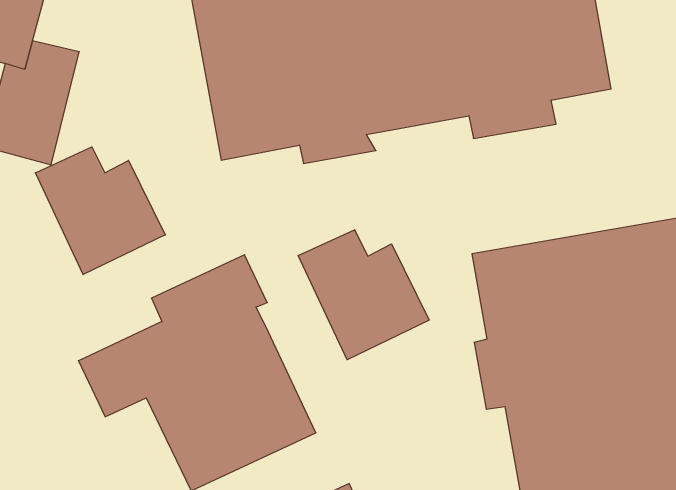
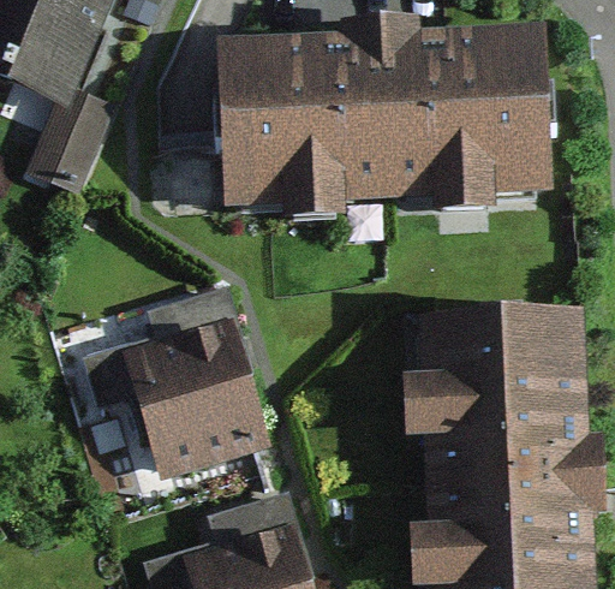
building: [35,147,165,275] -> none
building: [298,230,429,360] -> none

